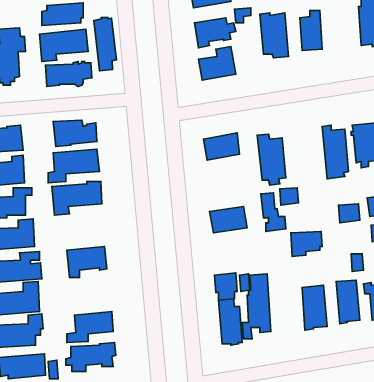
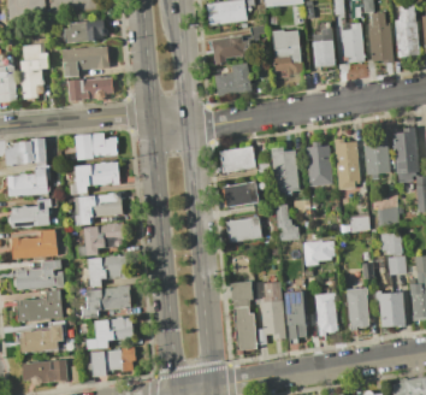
building: none -> [341,23,362,61]
building: [94,18,116,71] -> none
building: none -> [306,142,332,185]
building: none -> [223,182,258,207]
building: none -> [77,223,124,257]
building: none -> [82,284,130,318]
building: none -> [284,291,306,344]

